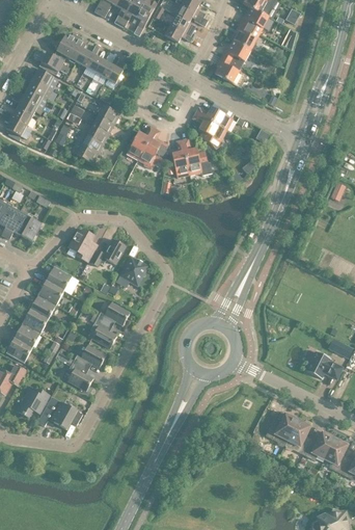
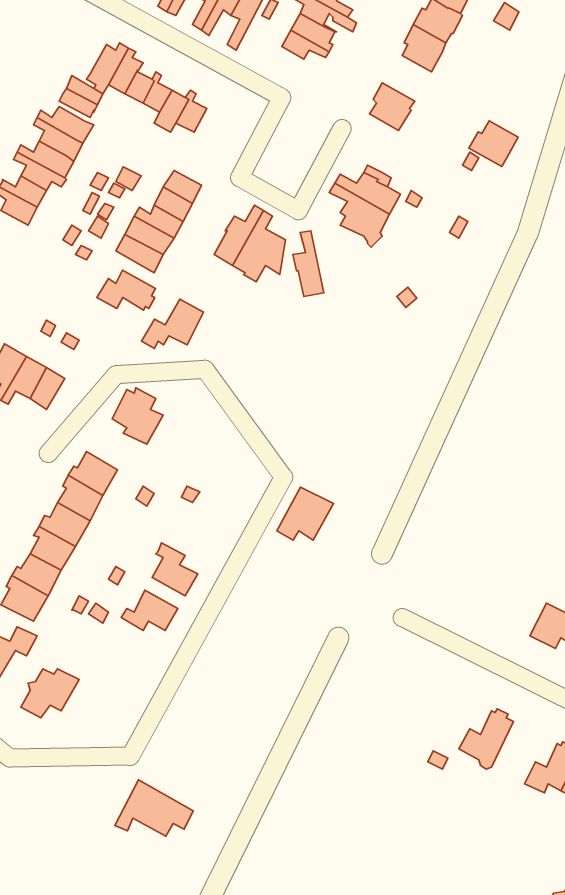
building: [222,39,250,65] -> [469,121,518,166]
building: [182,138,212,175] -> none
building: none -> [97,270,155,310]
building: [90,238,126,266] -> [142,299,204,348]
building: [116,256,148,286] -> [277,487,333,540]
building: [97,301,130,324] -> none
building: [67,360,93,390] -> none
building: [37,396,82,428] -> [115,780,193,836]
building: [284,419,310,454] -> none

